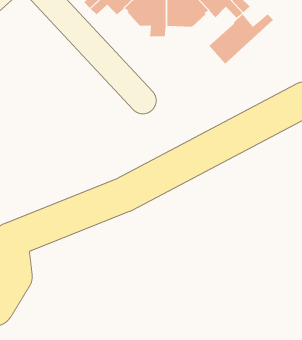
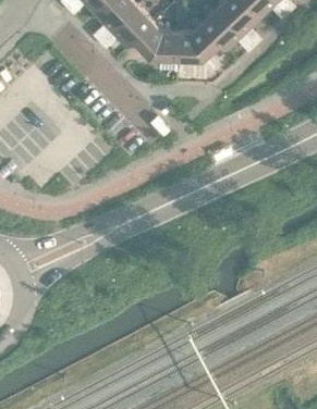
building: [208,13,274,65] -> none

